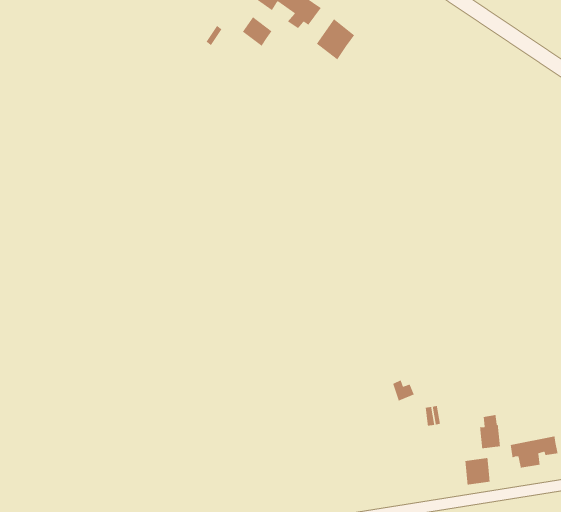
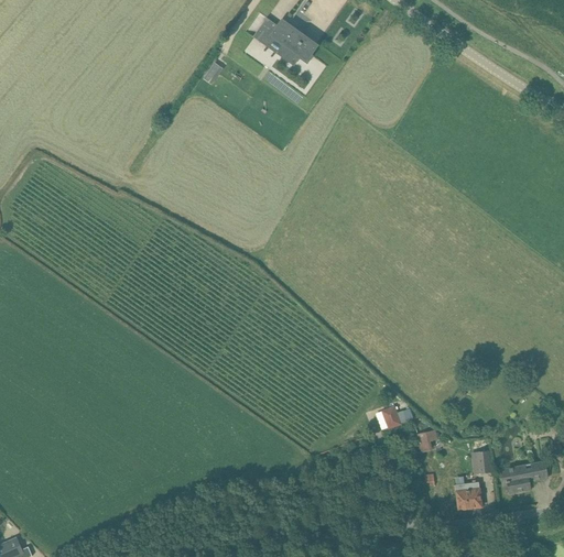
building: [242,16,273,47] -> none
building: [316,18,355,61] -> none

